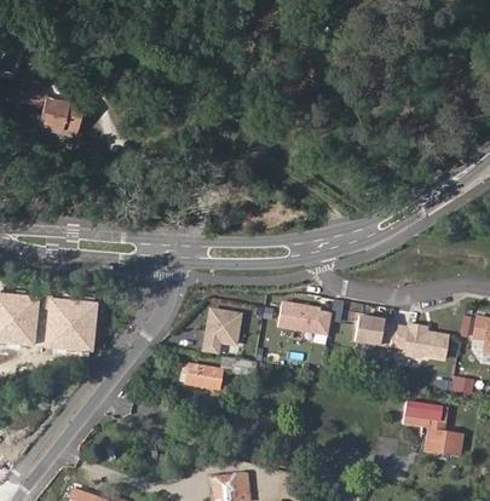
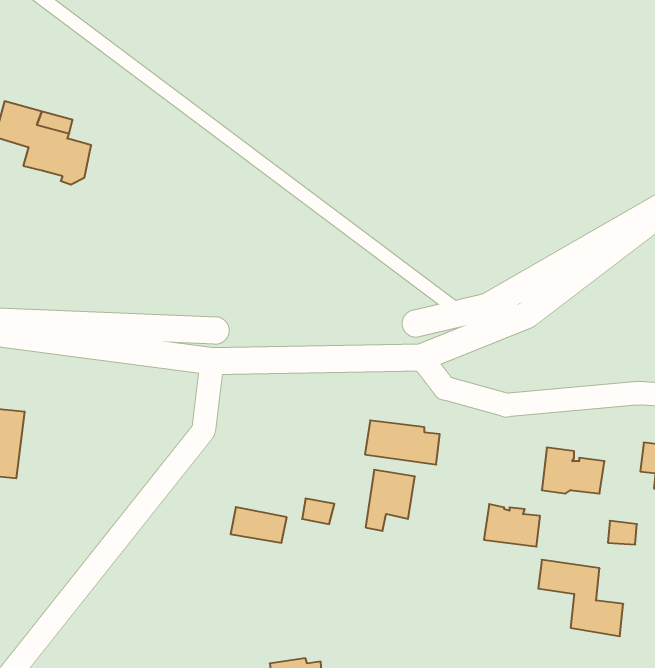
building: [45,298,98,351] -> none
building: [206,309,241,352] -> [366,470,415,531]
building: [356,316,396,346] -> [484,504,540,547]

